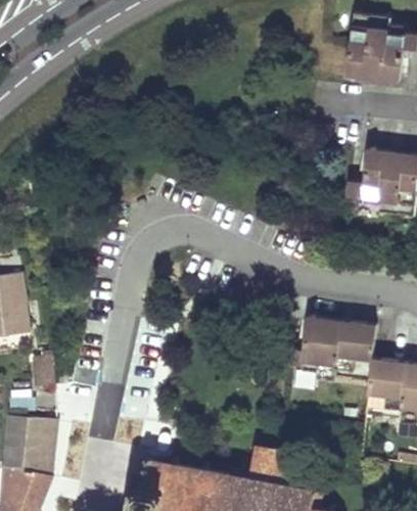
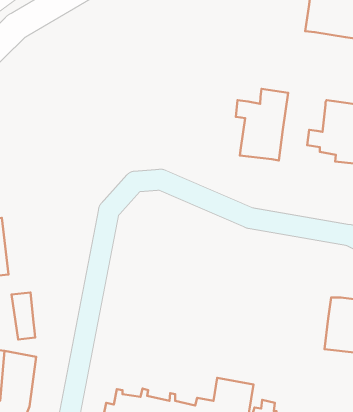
building: none -> [236,89,288,161]
building: [287,312,377,381] -> none

